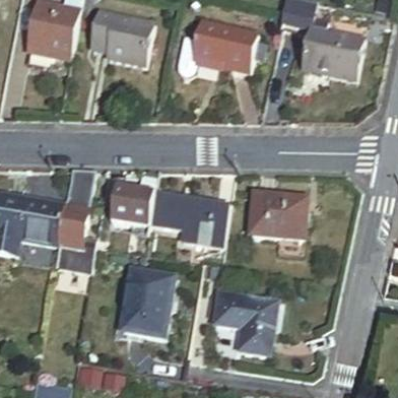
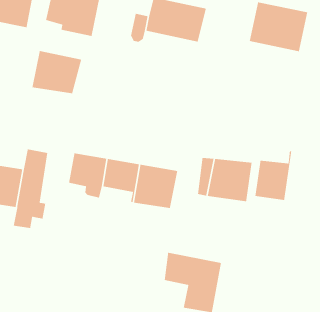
building: none -> [31,50,82,94]
building: none -> [254,150,292,201]
building: [121,271,173,339] -> none

